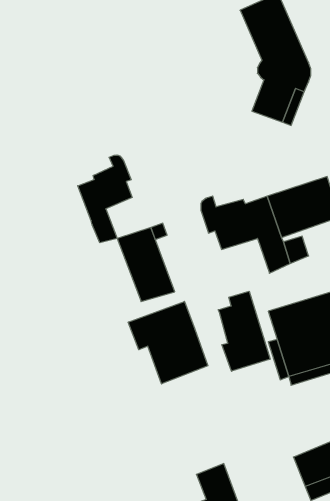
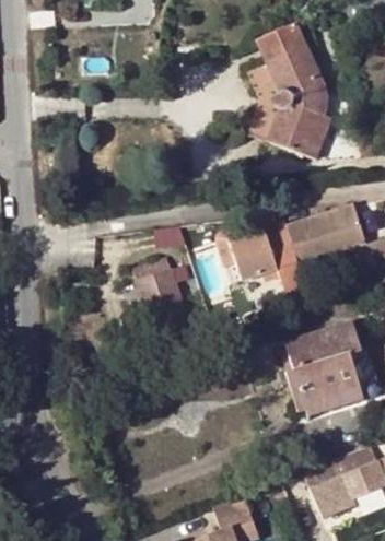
building: [78,155,132,243] -> none
building: [218,291,270,371] -> none
building: [128,301,208,384] -> none

